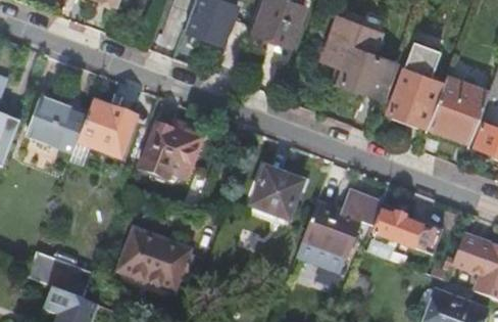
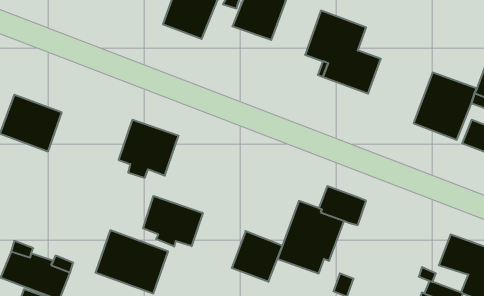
building: [387,43,440,125] -> none
building: [70,101,135,163] -> none
building: [252,168,301,217] -> [232,231,282,282]
building: none -> [143,196,203,247]
building: [374,212,442,255] -> none

